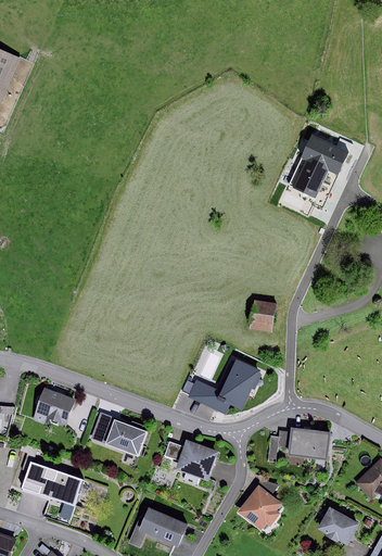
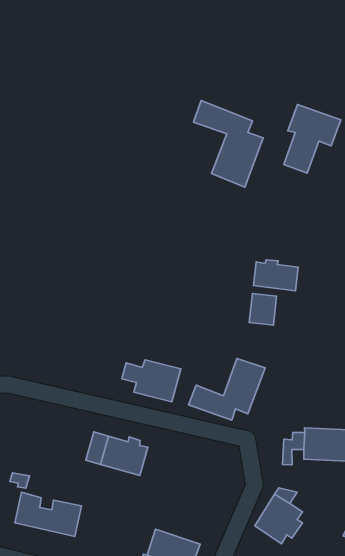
building: none -> [194,101,263,187]
building: none -> [253,260,298,291]
building: [34,388,74,425] -> none
building: [164,441,218,481] -> [122,360,181,402]

